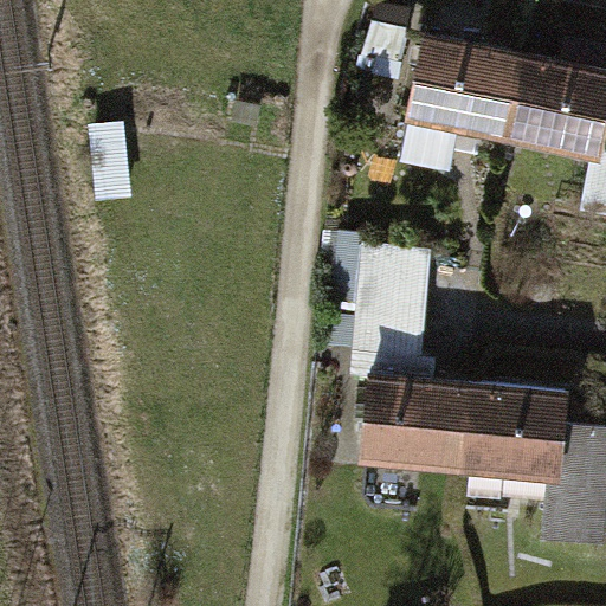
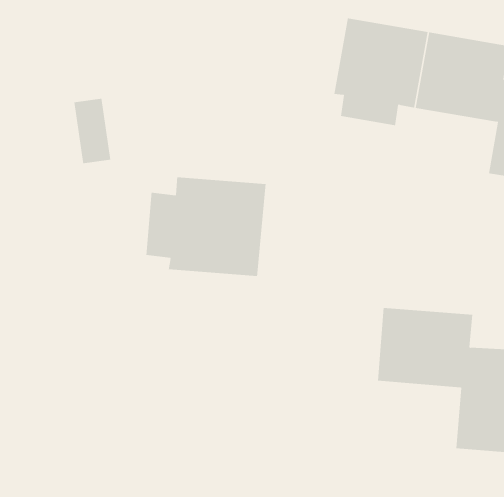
building: none -> [146,176,266,277]
building: [350,249,460,466] -> none

